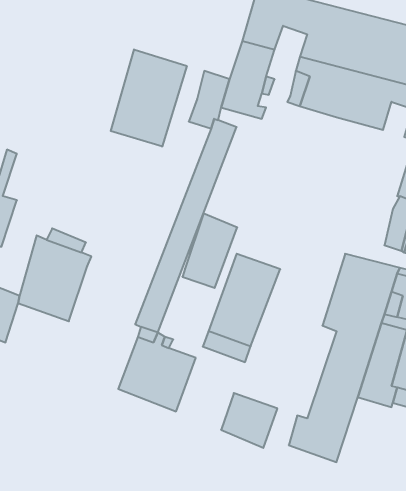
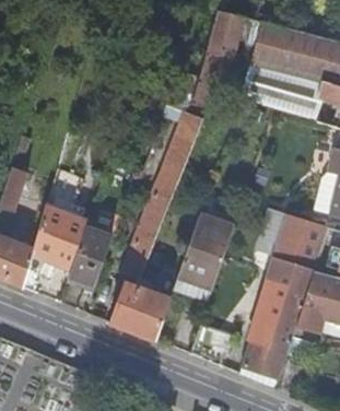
building: [111,49,187,147] -> none
building: [182,213,237,288] -> [69,226,112,284]

